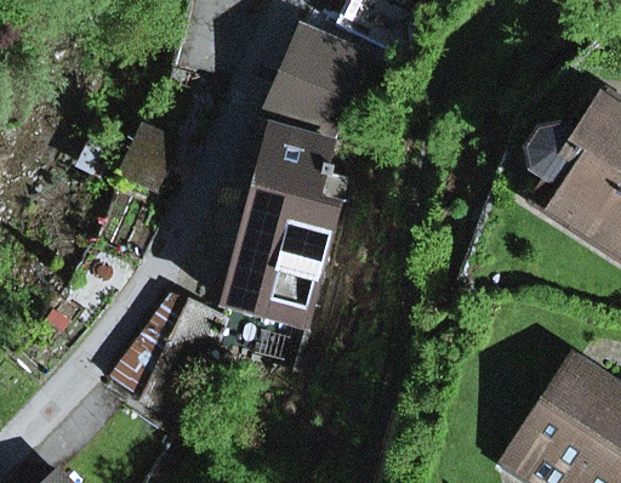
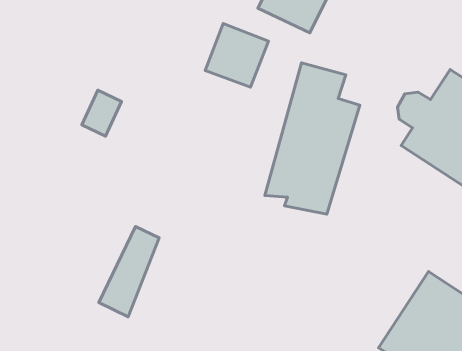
building: [223,125,346,320] -> [265,63,360,214]

